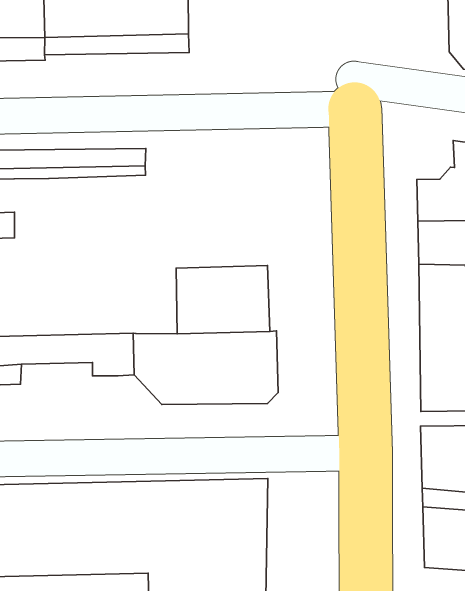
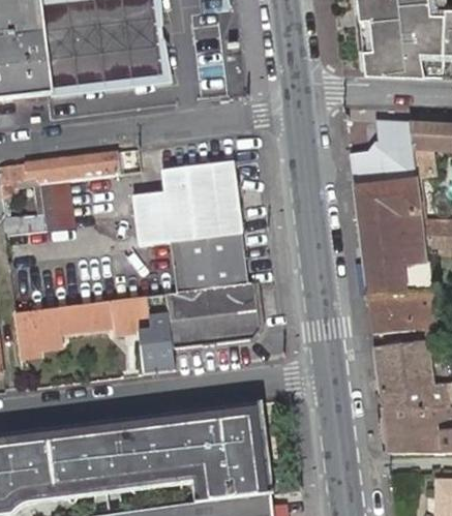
building: none -> [133,161,242,247]
building: none -> [39,184,71,233]
building: none -> [135,329,175,375]

